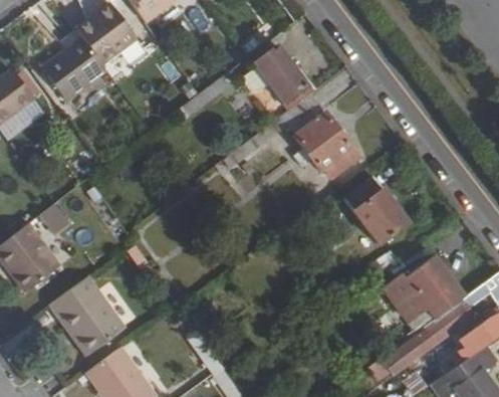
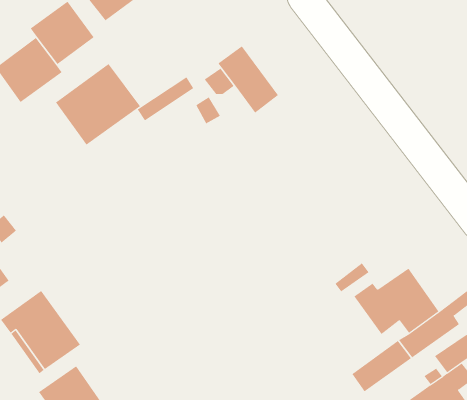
building: none -> [55,63,141,145]
building: [240,93,361,182] -> none
building: [346,177,410,244] -> none

